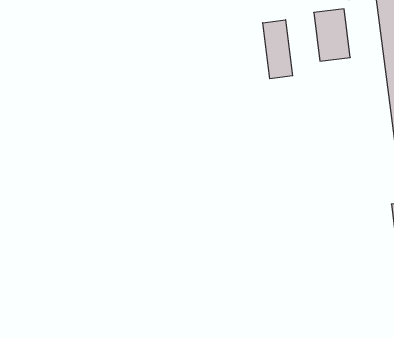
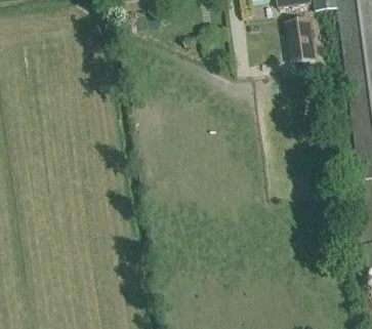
building: [263,20,293,79] -> none

